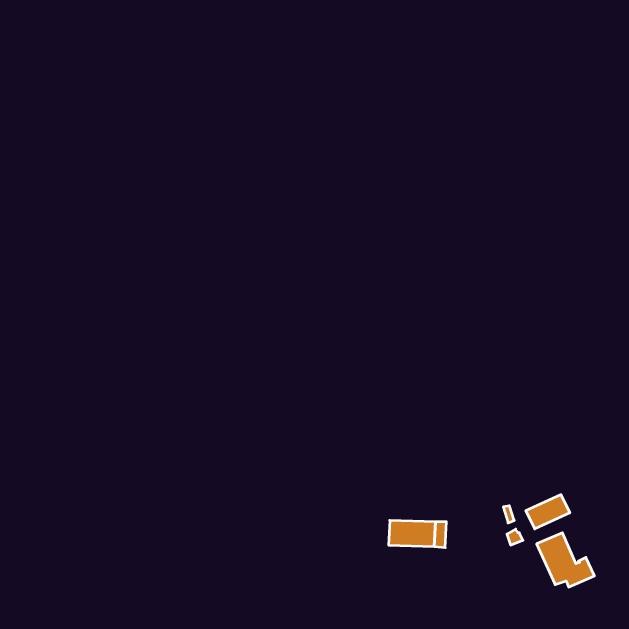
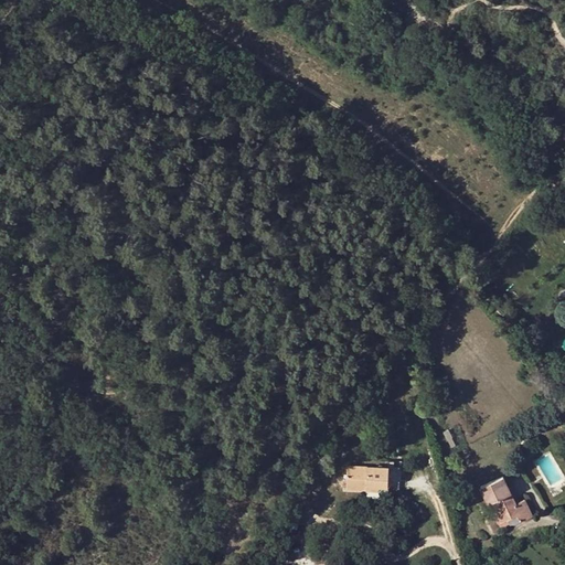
building: [526,495,570,529] -> none

